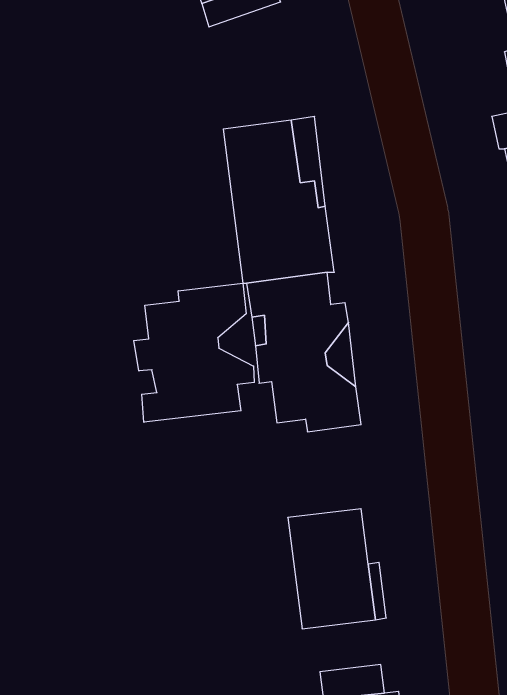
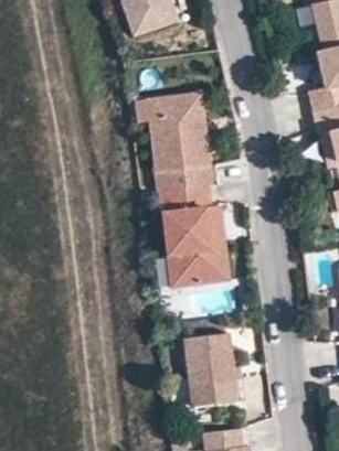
building: [134,283,254,422] -> none

